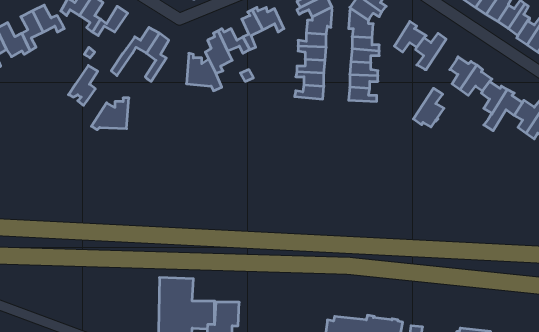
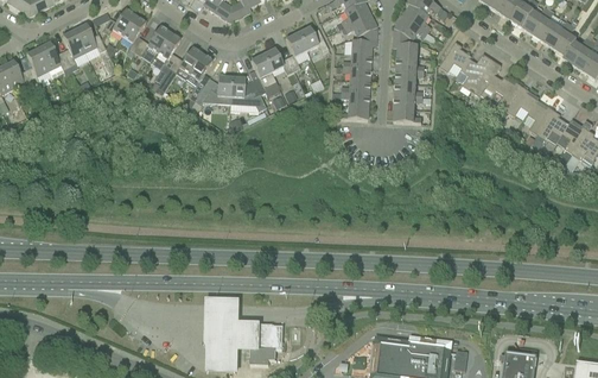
building: [68,65,98,105] -> [150,32,179,73]
building: [413,88,444,127] -> [471,58,502,97]
building: [91,98,129,130] -> [193,73,231,105]

